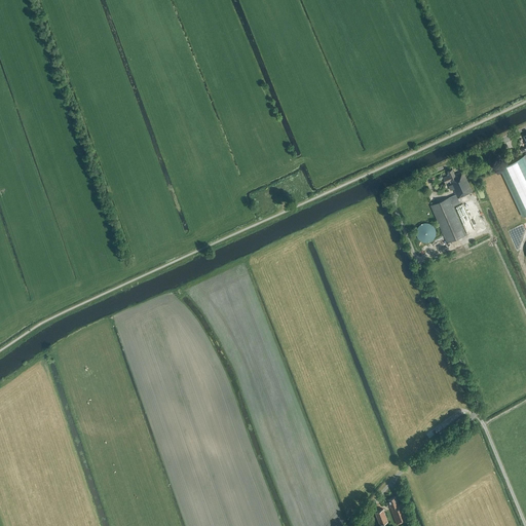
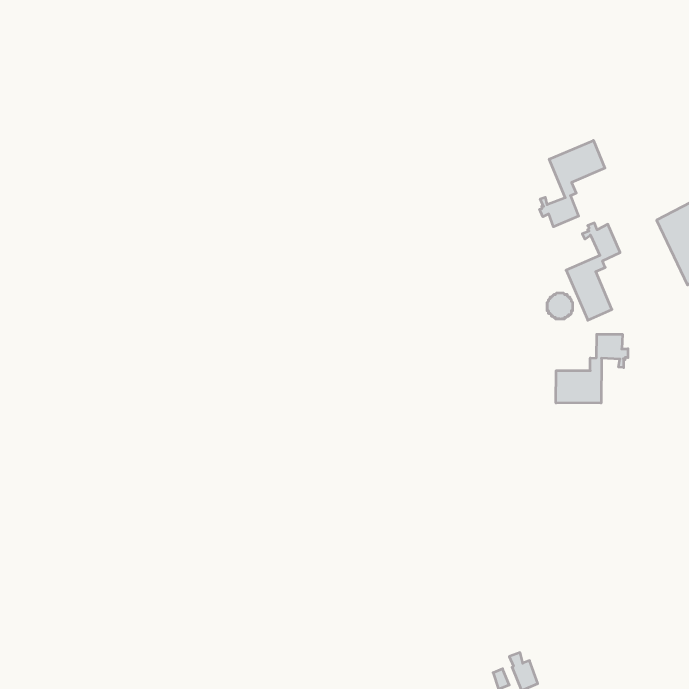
building: none -> [540,140,605,227]
building: none -> [556,334,628,403]

